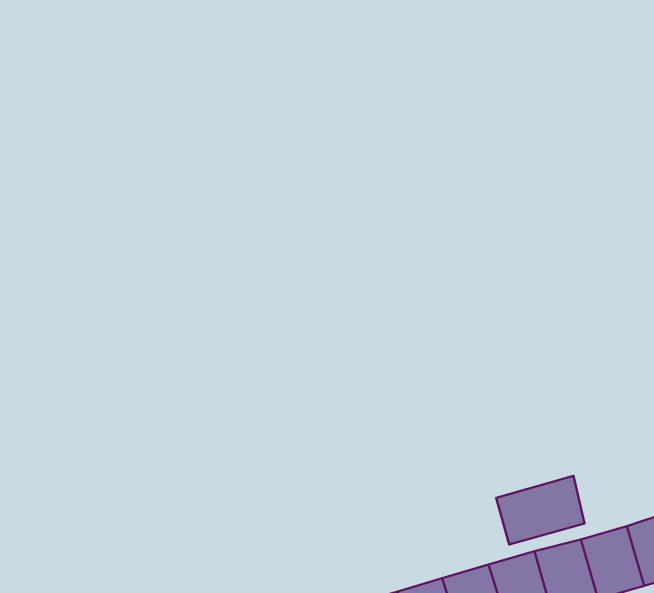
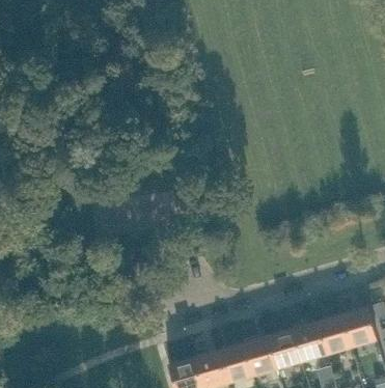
building: [496,476,584,545] -> none

